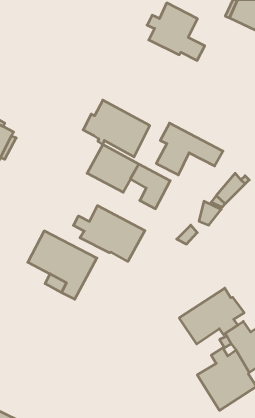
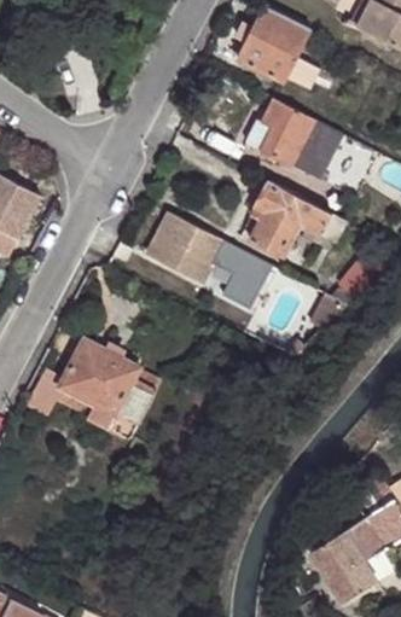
building: [83,100,150,157] -> [245,98,343,181]
building: [73,206,145,261] -> none
building: [179,288,244,344] -> none

